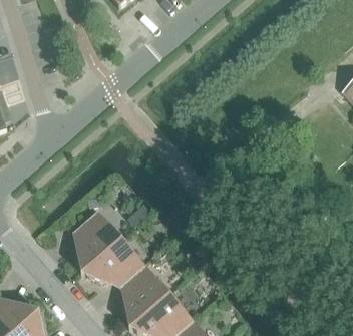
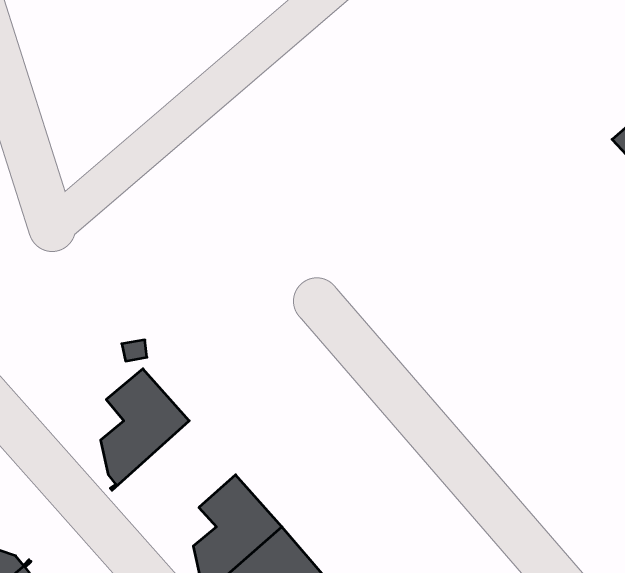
building: [81,237,145,282] -> none

